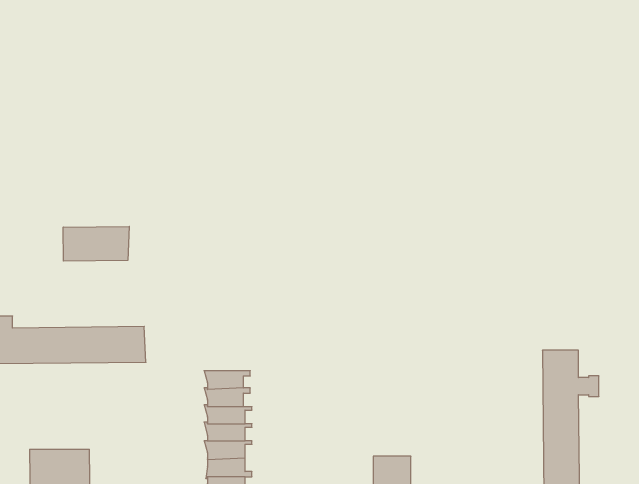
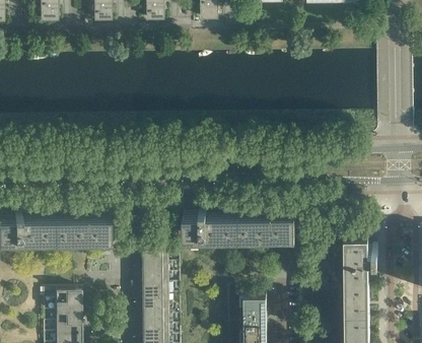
building: [63,226,129,261] -> none
building: none -> [184,210,295,239]

